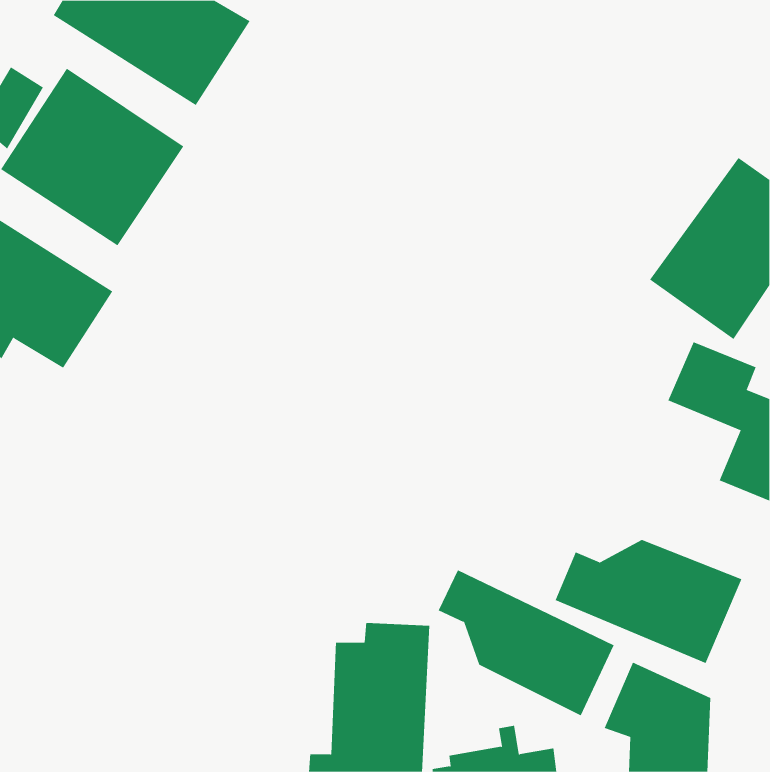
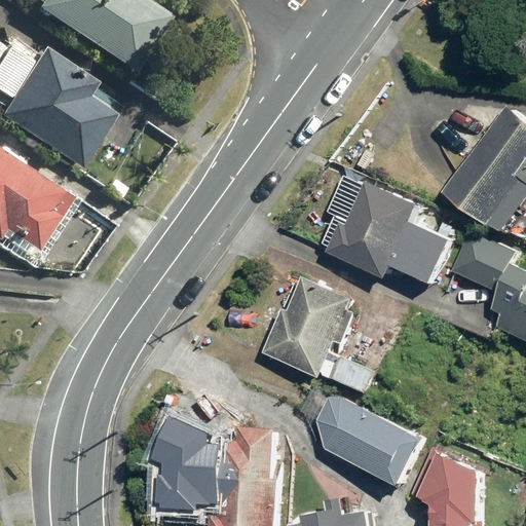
building: none -> [321,180,450,284]
building: none -> [269,270,386,396]
building: [555,539,742,664] -> none
building: none -> [151,414,216,503]

